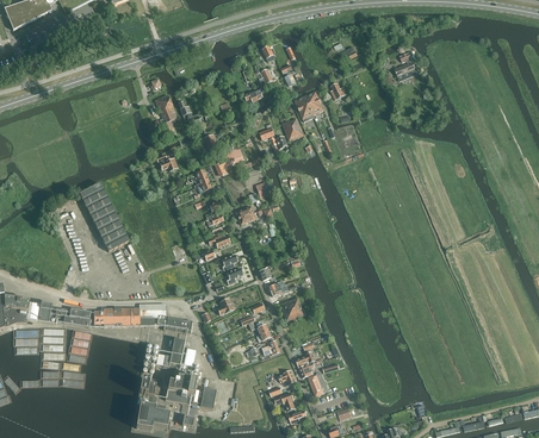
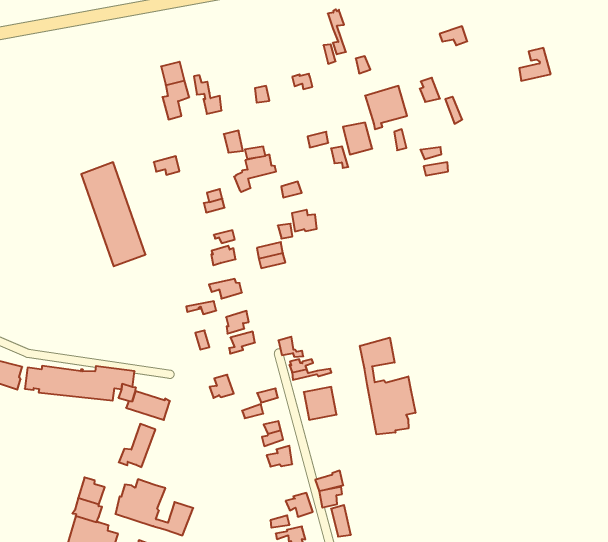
building: [79,182,129,251] -> [81,162,146,266]
building: none -> [360,338,415,434]

